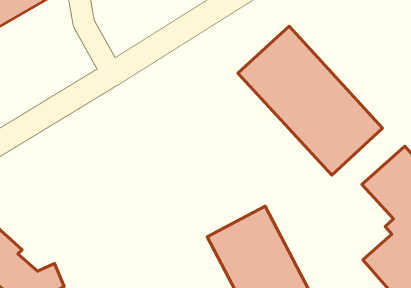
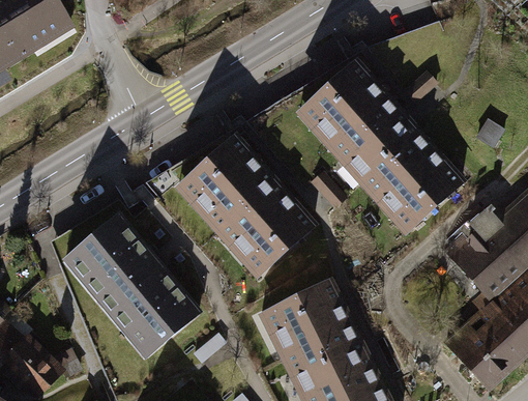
building: none -> [175,136,315,280]
building: none -> [62,214,206,364]

